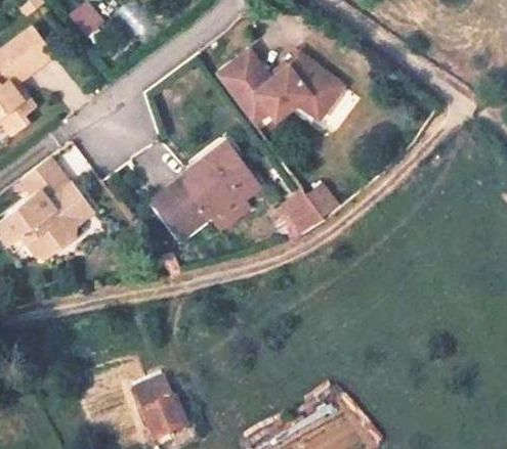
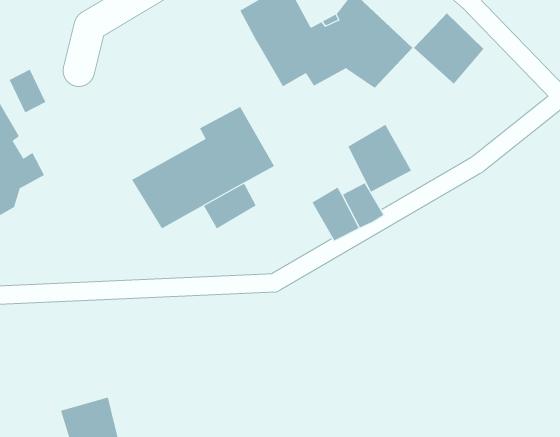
building: none -> [413,12,484,84]
building: none -> [348,124,412,192]

